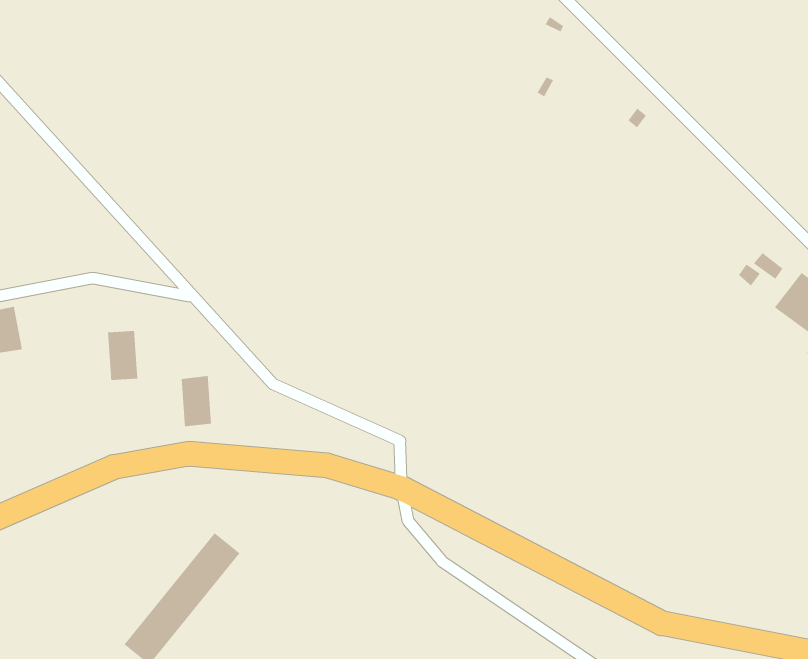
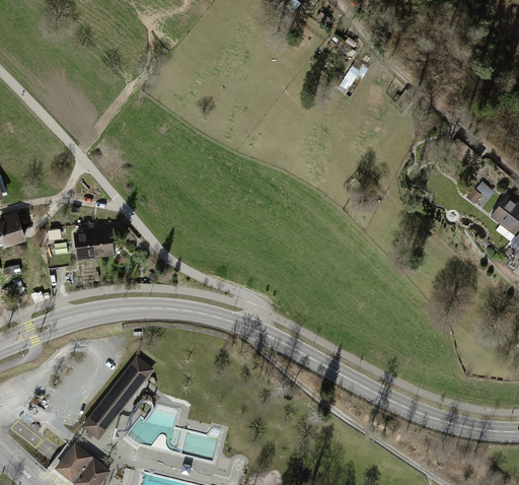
building: [181,375,212,427] -> [90,228,109,261]

